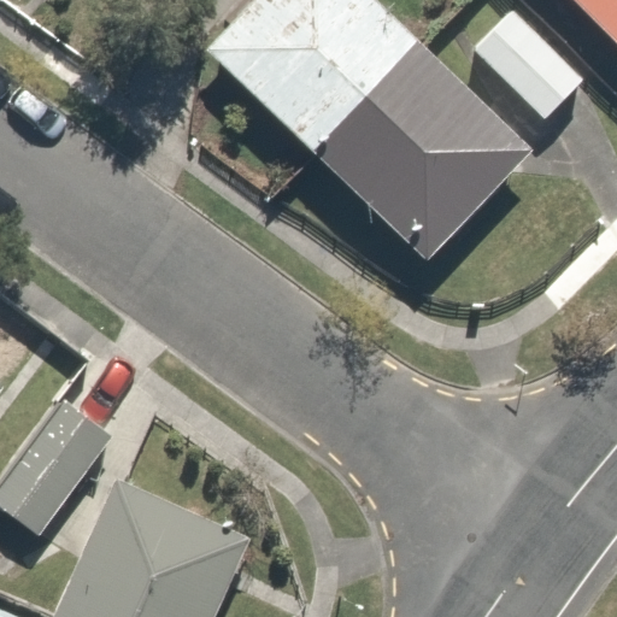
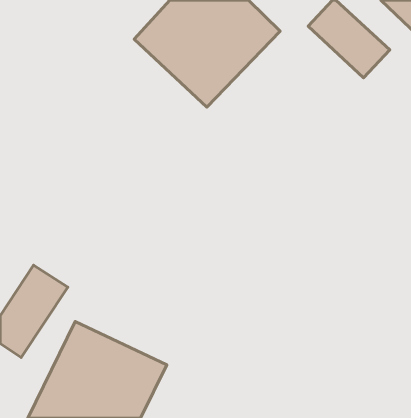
building: [315,46,536,266] -> none

